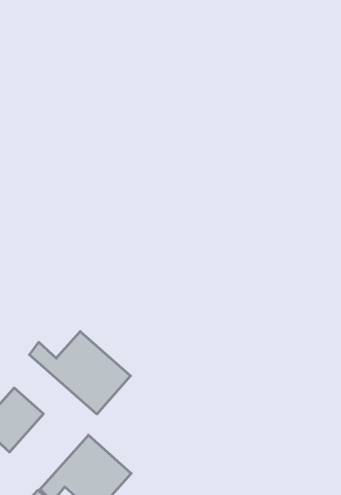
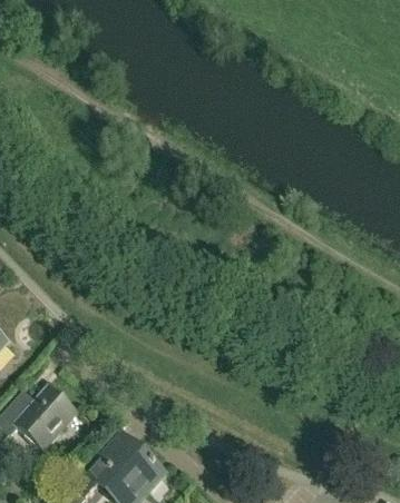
building: [29,331,131,414] -> none

